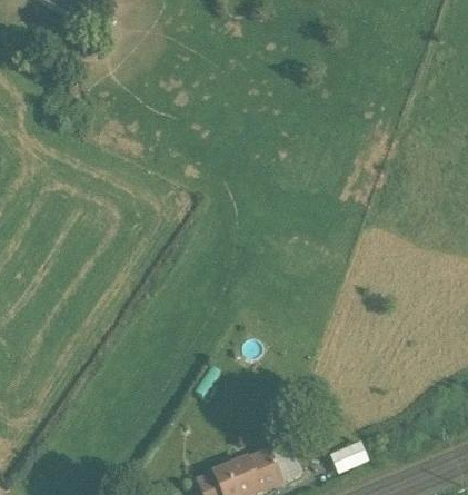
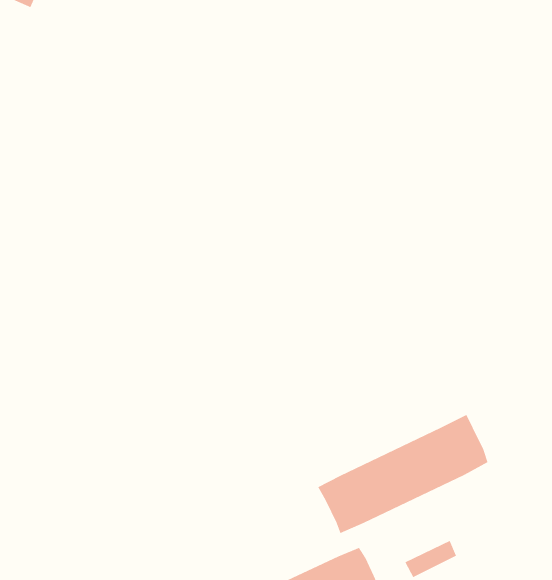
building: none -> [318,414,488,534]

